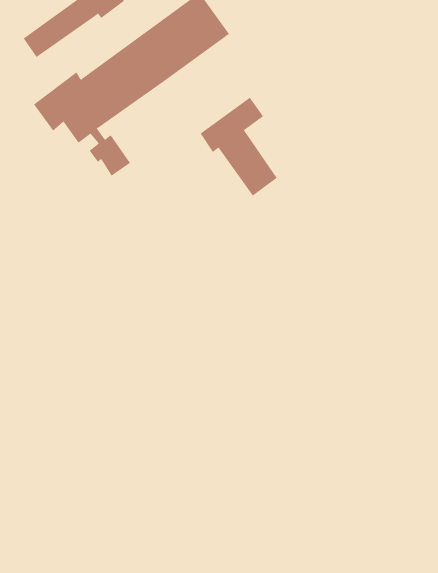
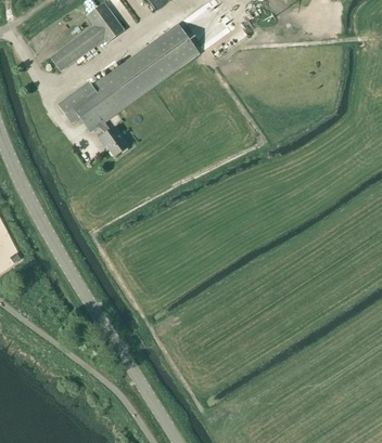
building: [200,97,278,196] -> none

